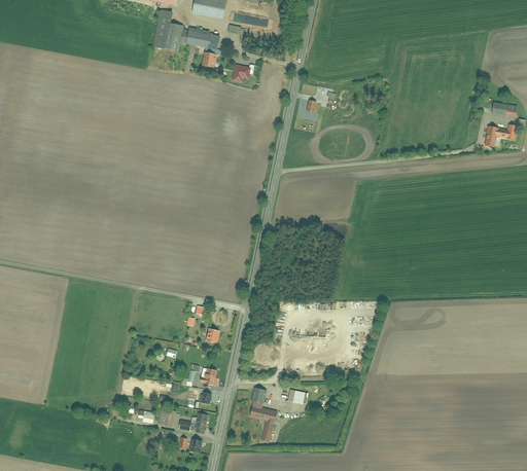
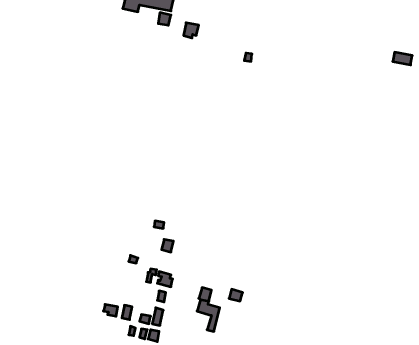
building: [482,123,515,147] -> none

